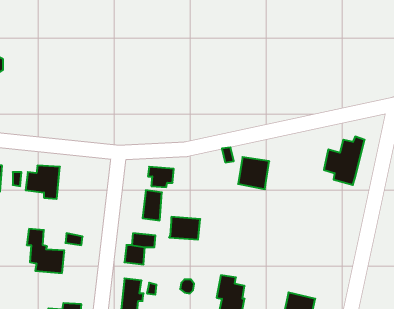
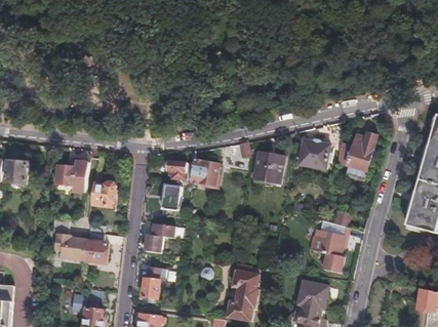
building: none -> [301,138,330,167]
building: none -> [91,181,115,207]
building: [169,217,200,240] -> [190,158,220,179]
building: none -> [309,211,348,273]
building: none -> [85,242,107,263]

